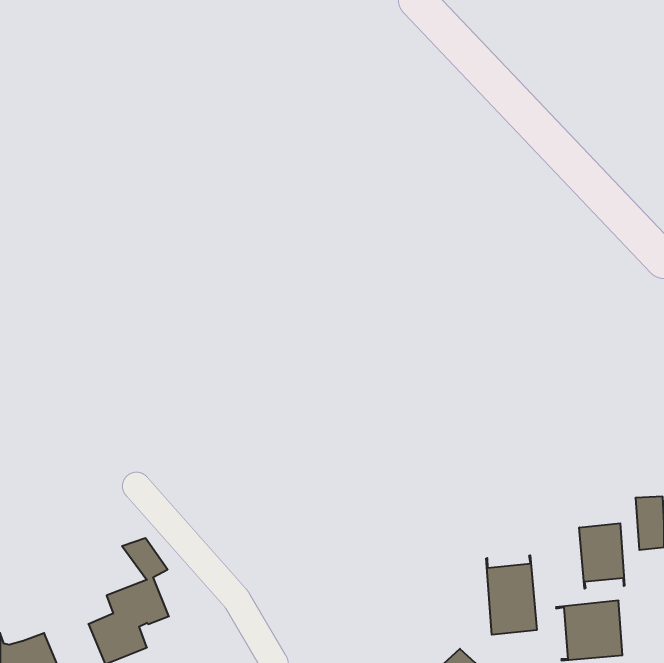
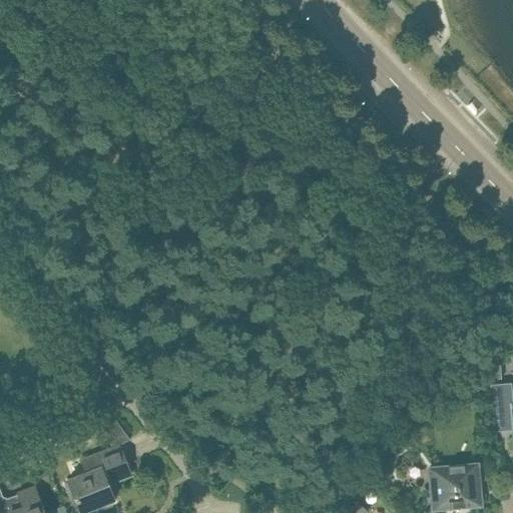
building: [579,523,625,589] -> none
building: [486,555,537,635] -> none

